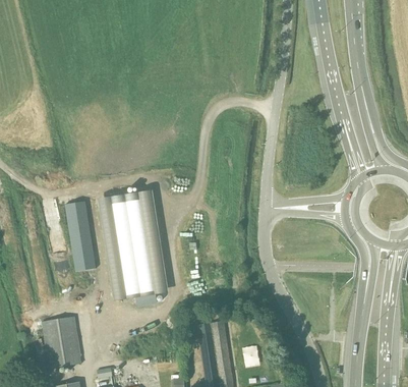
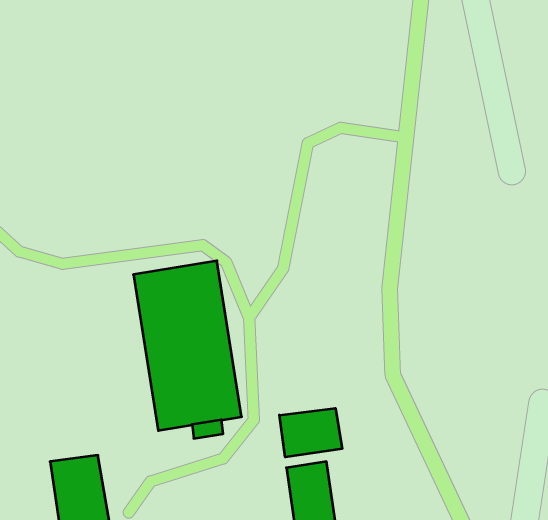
building: [65,201,97,271] -> none
building: none -> [279,408,342,457]

